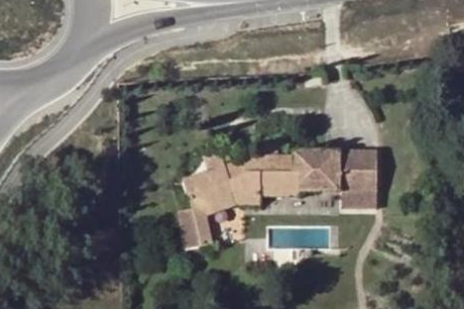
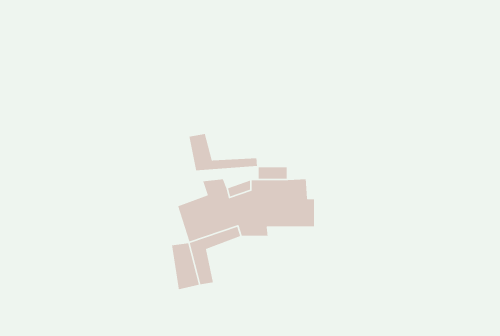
building: none -> [188,133,258,171]
building: [292,150,376,194] -> none

